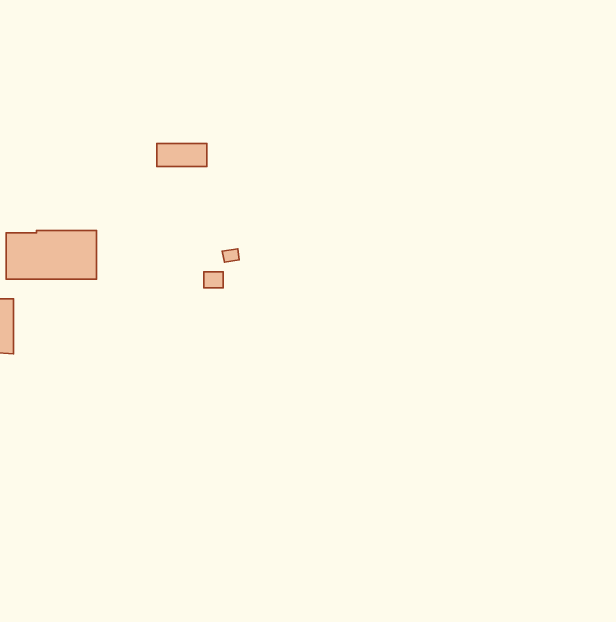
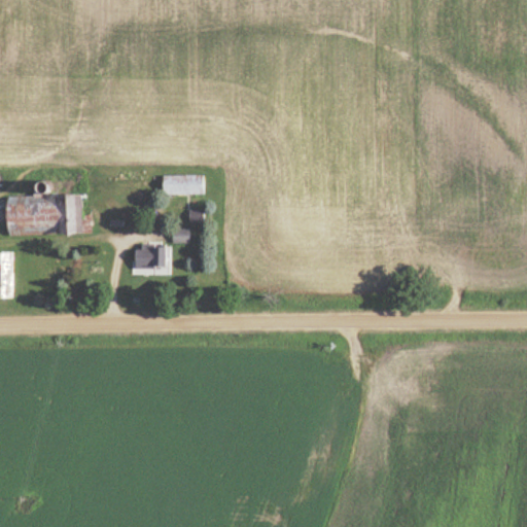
building: [157,143,207,167] -> [162,176,204,196]
building: none -> [135,246,167,268]

